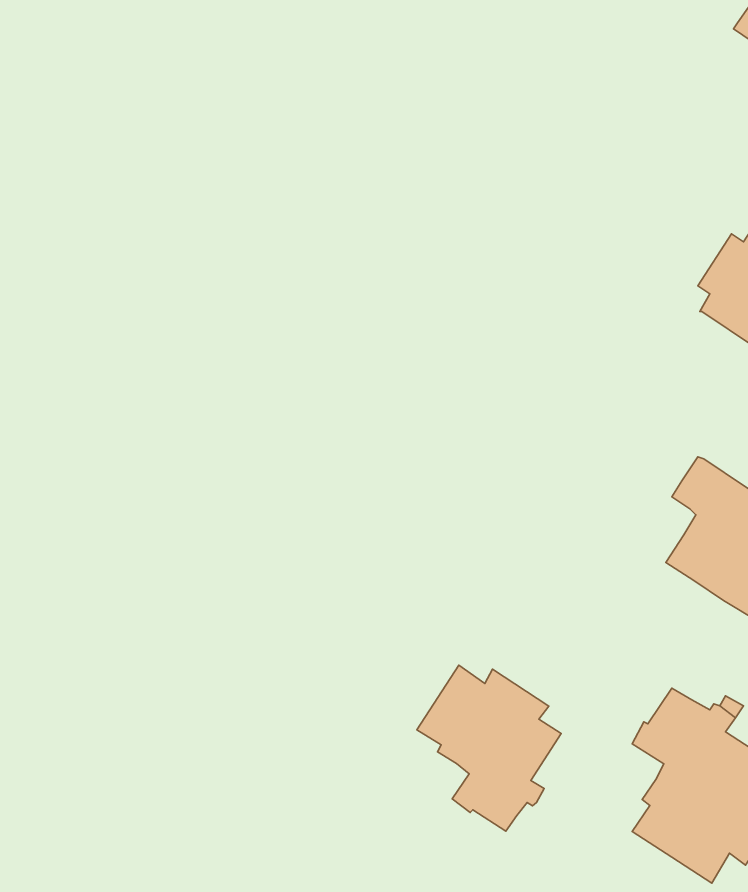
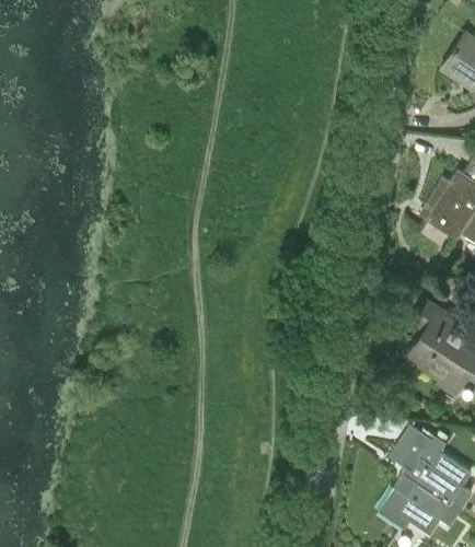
building: [417,665,561,831] -> none

